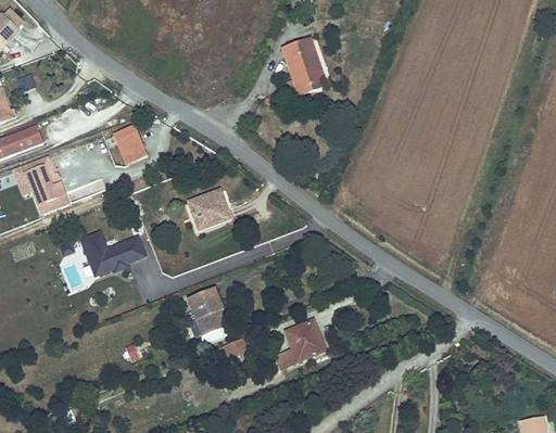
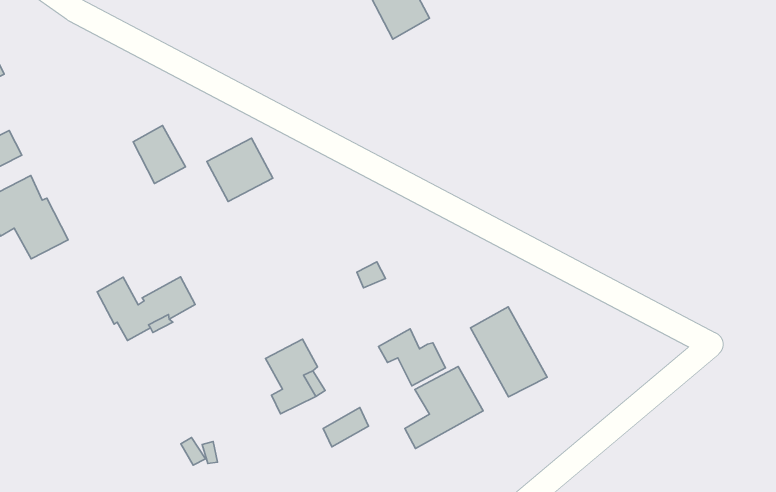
building: [188,191,230,231] -> [207,138,273,201]
building: none -> [471,307,547,397]
building: none -> [378,329,446,386]

